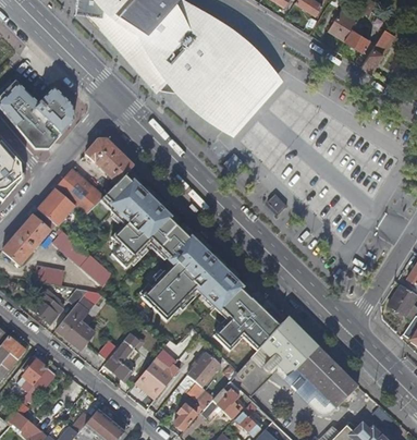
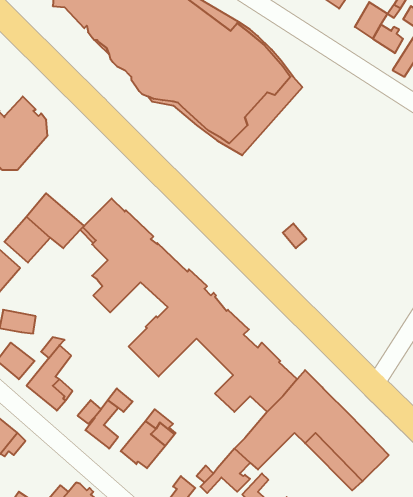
building: [86,139,133,183] -> none
building: [51,228,112,286] -> none
building: [187,352,221,388] -> none

